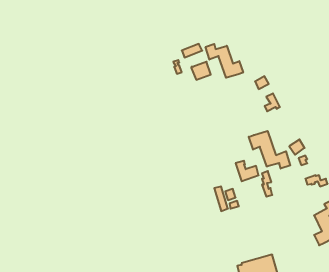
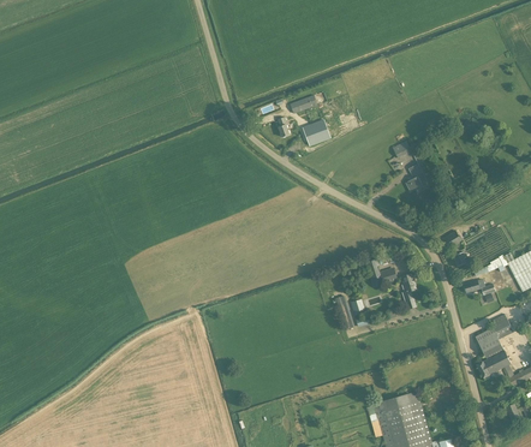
building: [206,44,243,78] -> none
building: [249,131,290,169] -> none

